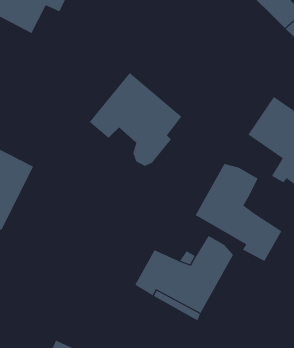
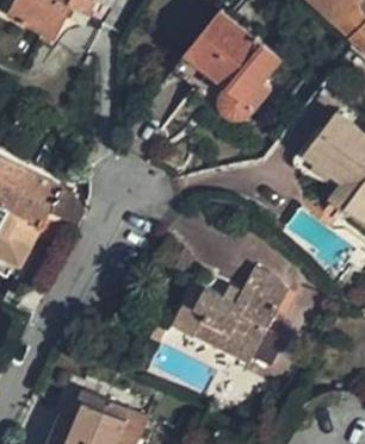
building: [89,72,182,167] -> [174,12,282,120]
building: [195,163,282,262] -> none

